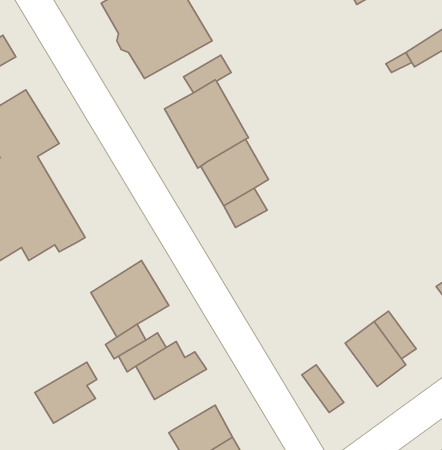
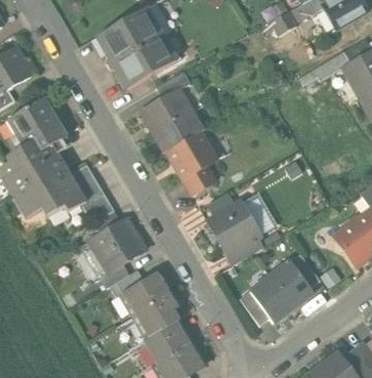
building: none -> [70,163,115,221]
building: none -> [208,201,263,263]
building: none -> [250,275,293,321]
building: [35,362,97,423] -> [135,293,179,336]

